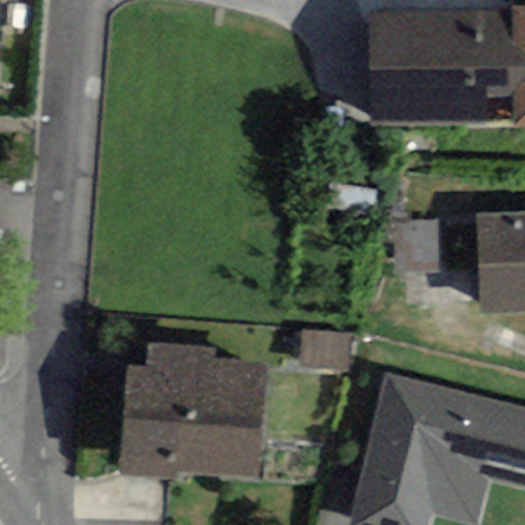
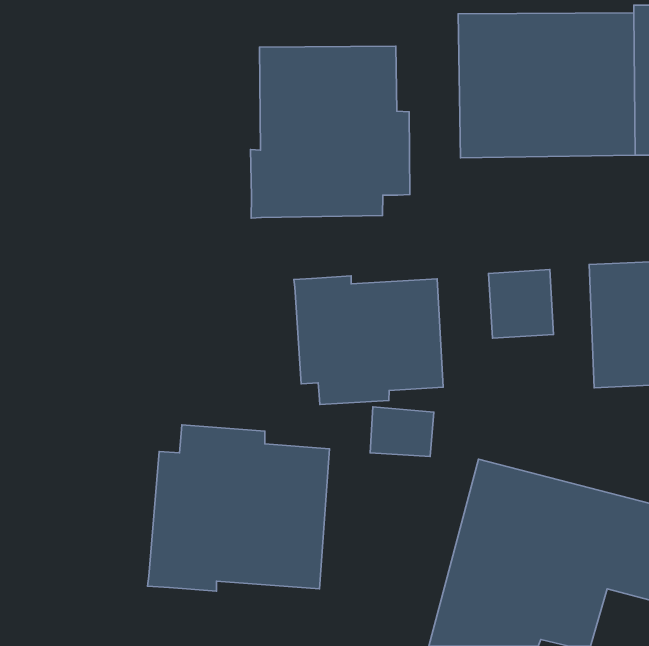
building: none -> [251,46,410,218]
building: none -> [294,276,443,405]

